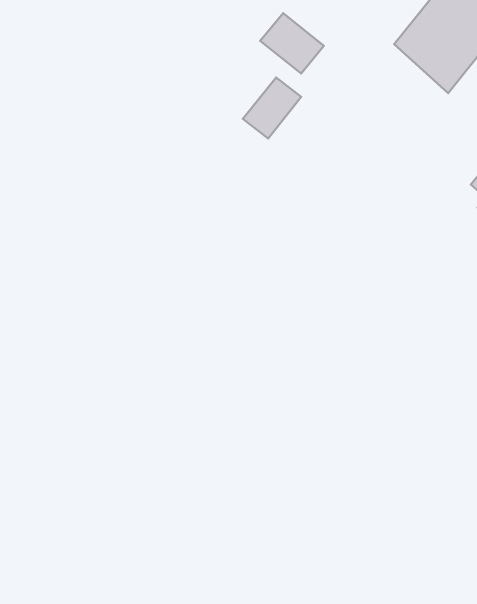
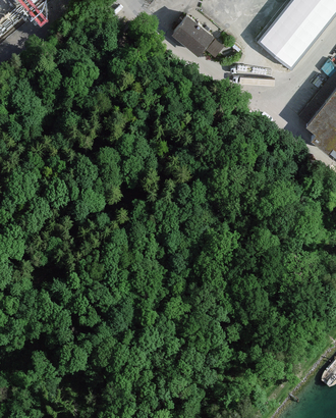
building: [243,77,301,138] -> none

